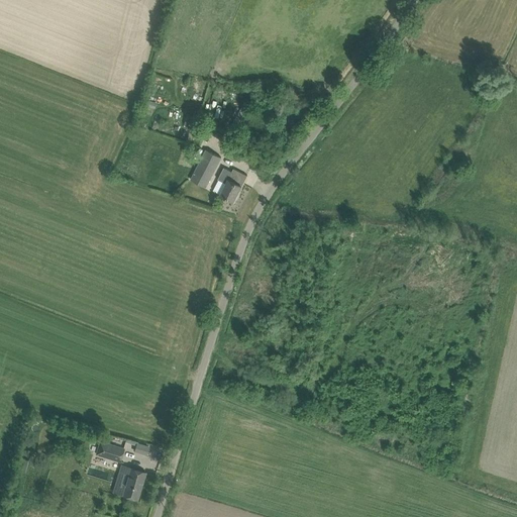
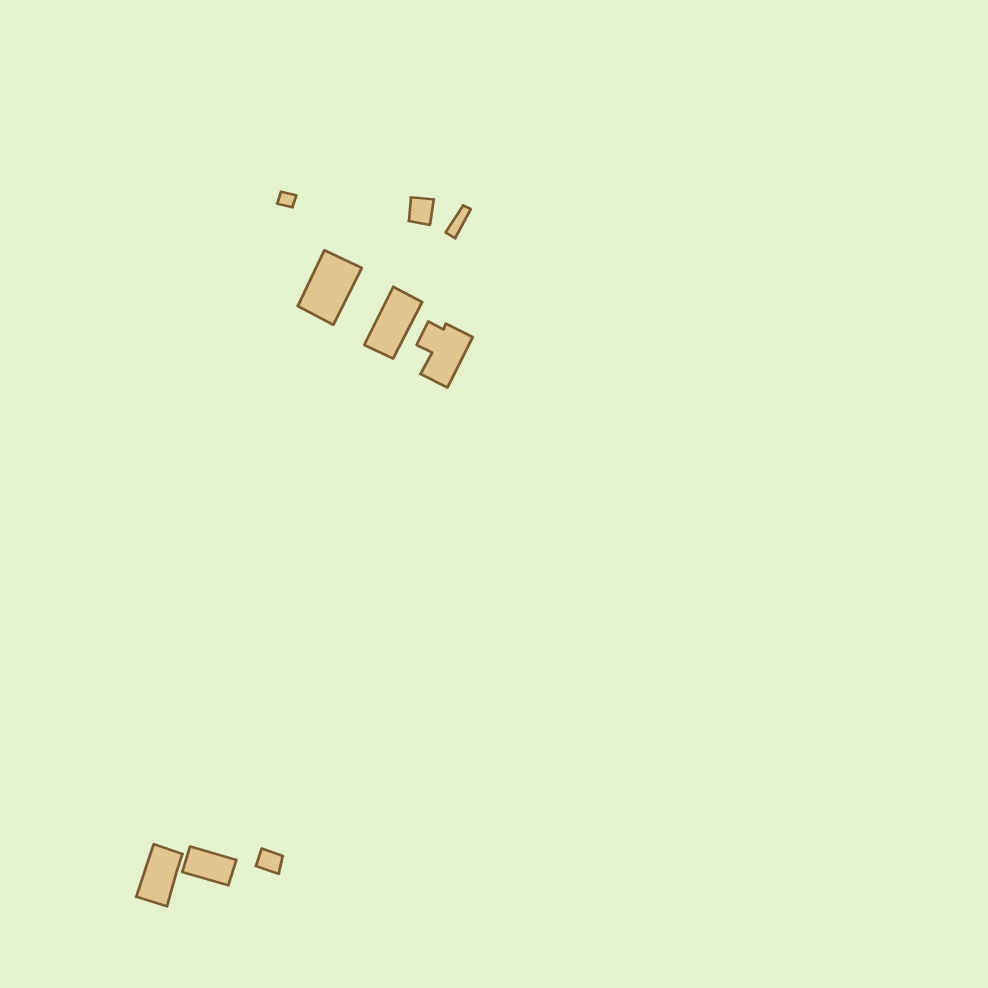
building: none -> [298,250,362,325]
building: [120,469,144,501] -> [136,844,183,906]

